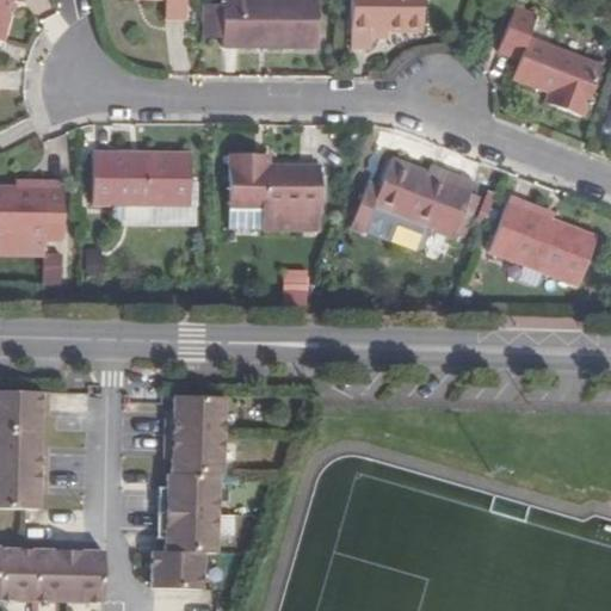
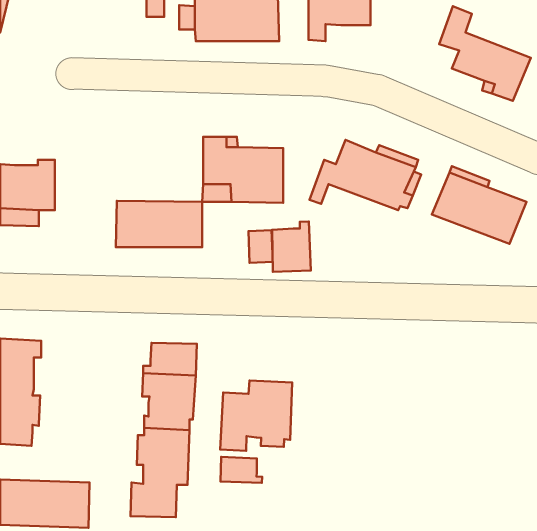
building: [93,154,191,206] -> [116,201,202,247]
building: none -> [272,222,311,272]
building: none -> [220,381,292,451]
building: none -> [220,457,262,483]

